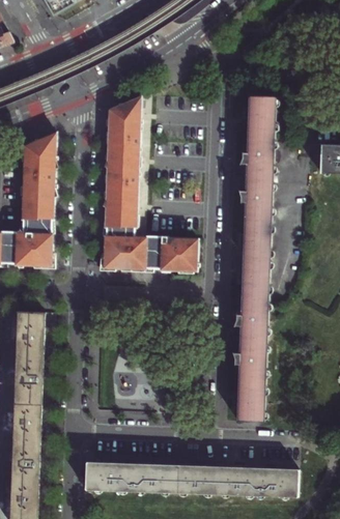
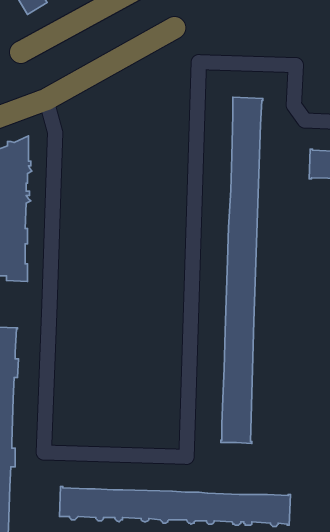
building: [100,95,200,271] -> none

